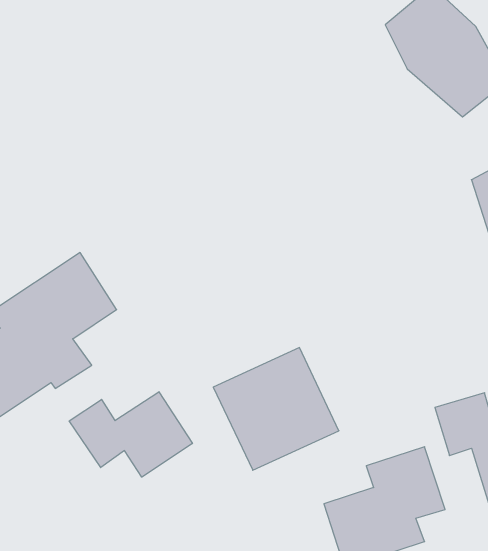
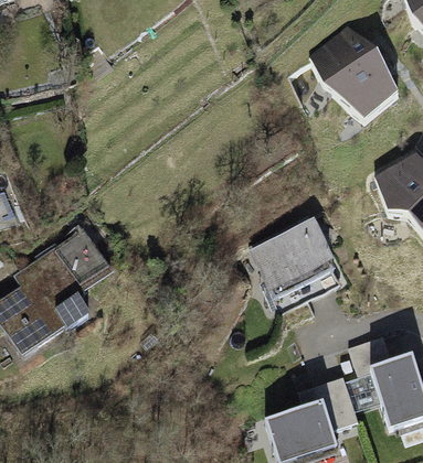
building: [213,348,339,470] -> [250,217,345,310]
building: [69,392,192,477] -> none

